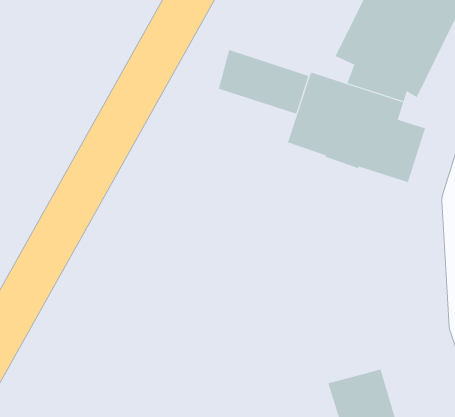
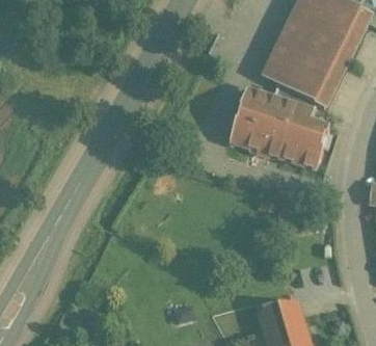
building: [218,49,309,114] -> none

